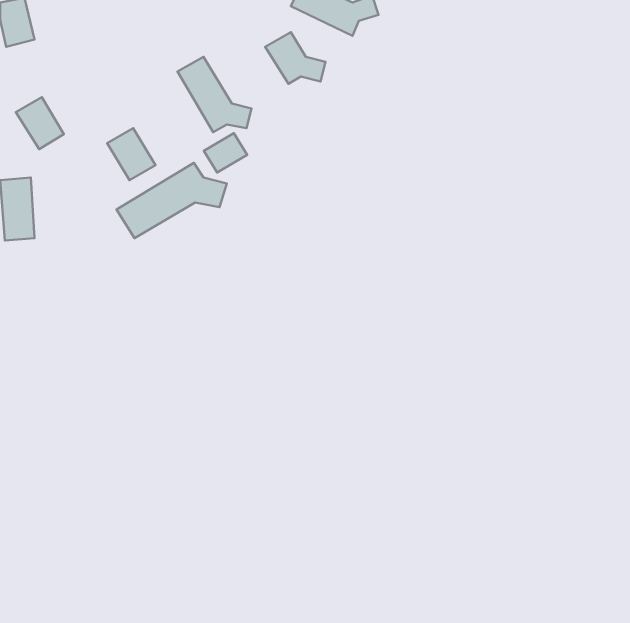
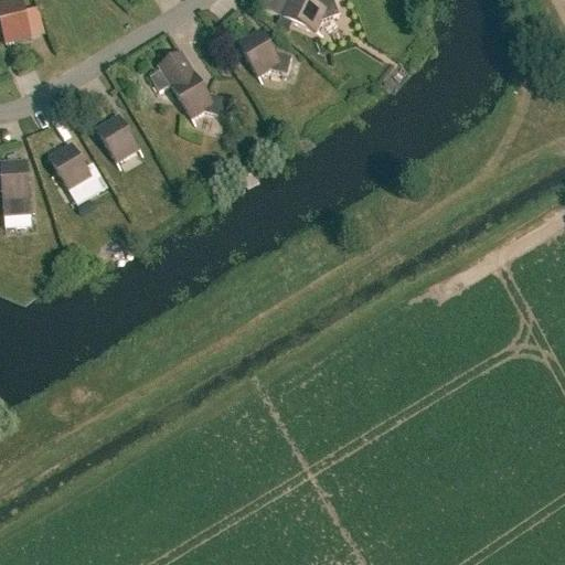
building: [16,97,64,149] -> [49,143,92,190]
building: [204,133,247,172] -> none
building: [117,163,227,238] -> none

